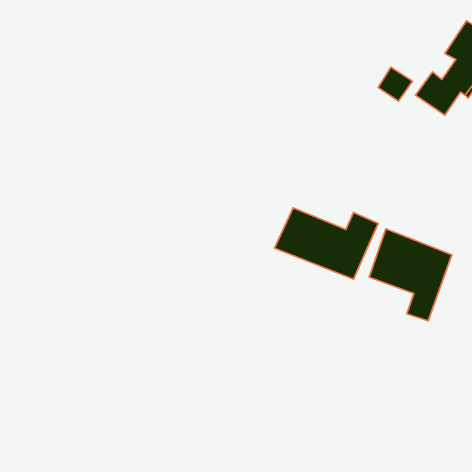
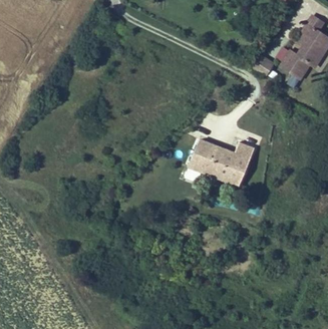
building: [369,229,452,321] -> none

